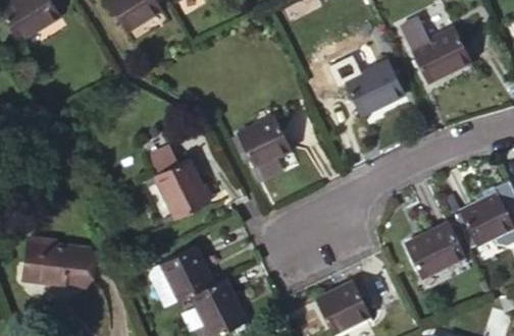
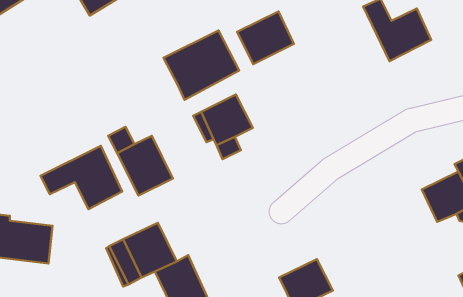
building: none -> [163,31,239,100]
building: [346,62,403,115] -> [237,11,294,64]
building: none -> [41,146,122,209]
building: [405,223,464,277] -> none

